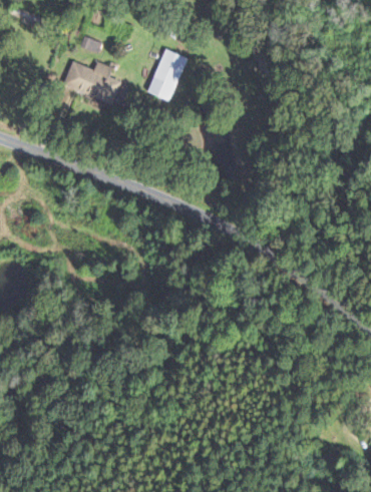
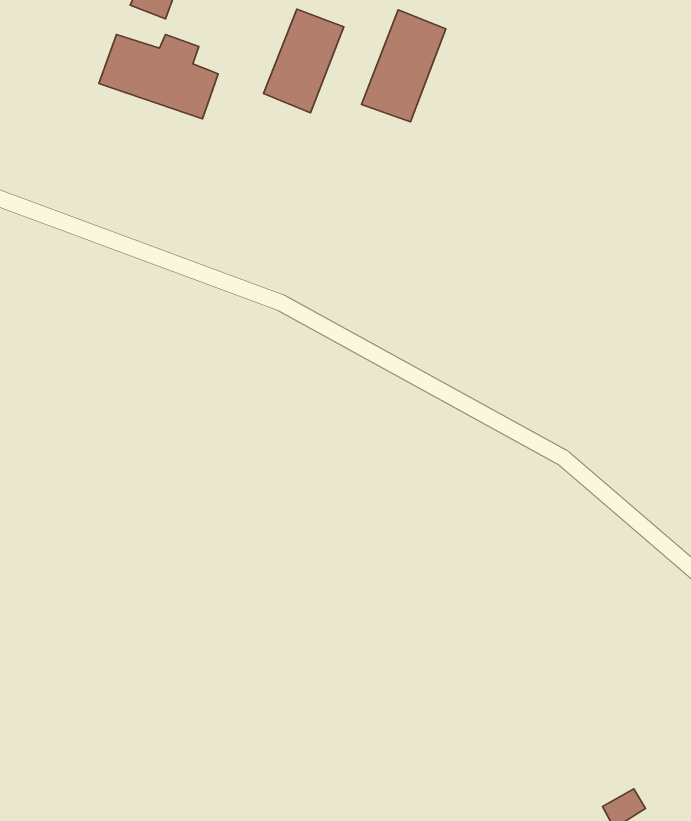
building: none -> [361,10,446,122]

